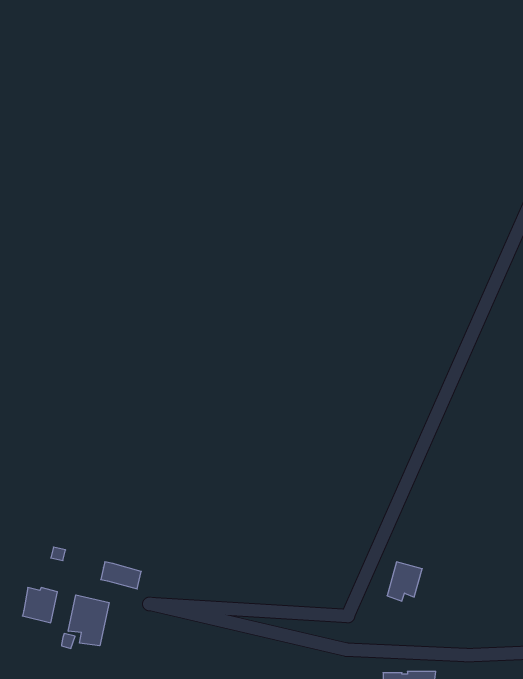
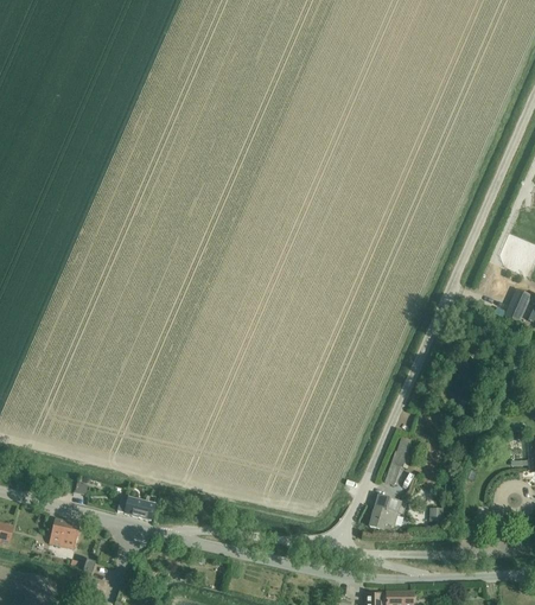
building: none -> [384,435,412,484]
building: [68,595,109,646] -> none

